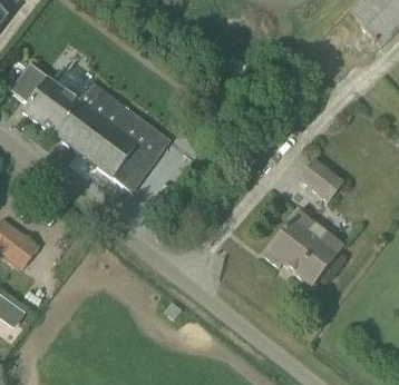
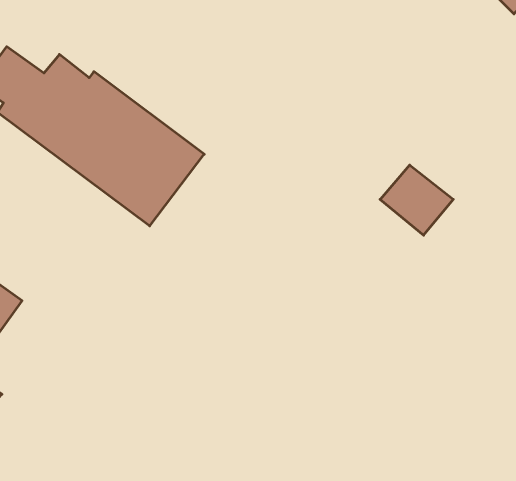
building: [263,204,343,282] -> none

